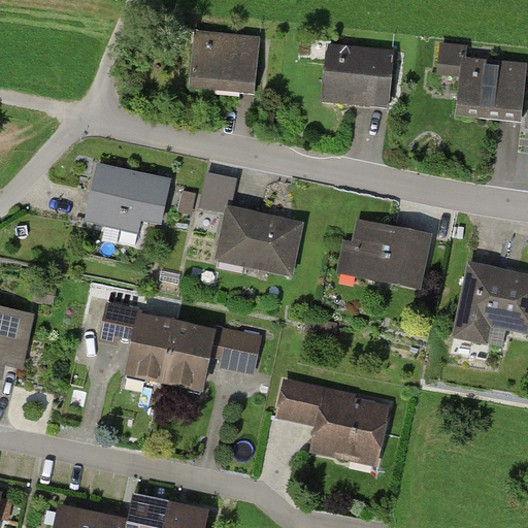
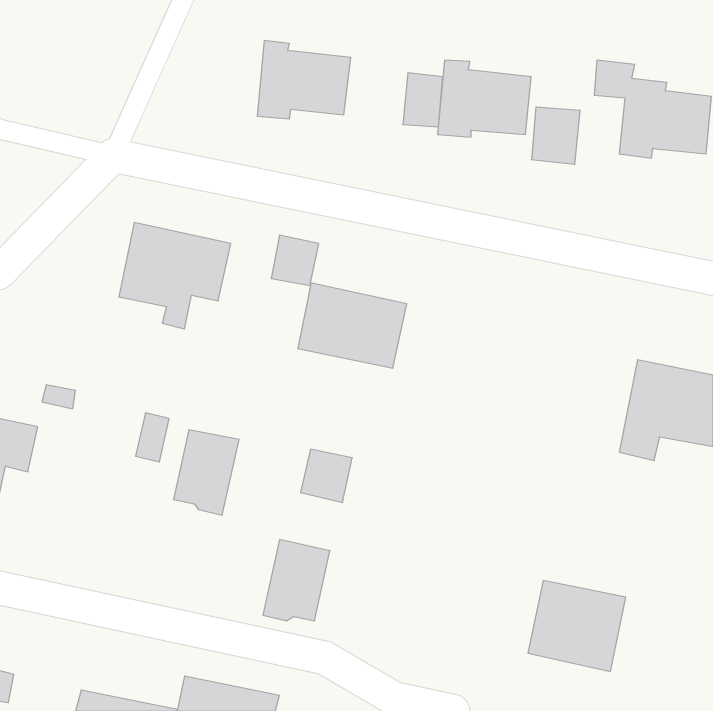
building: none -> [403,73,443,127]
building: none -> [531,107,580,165]
building: [340,221,430,280] -> none
building: [164,324,213,384] -> [263,540,330,621]
building: [279,382,318,421] -> none
building: [315,395,387,462] -> [528,580,626,671]

